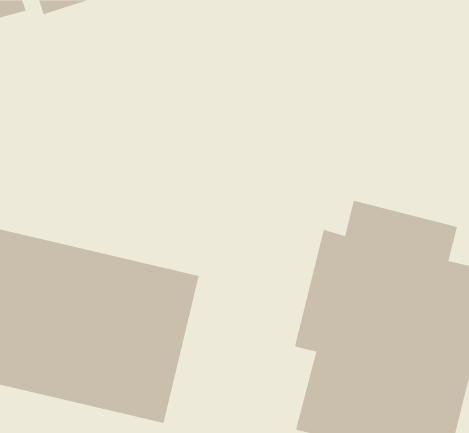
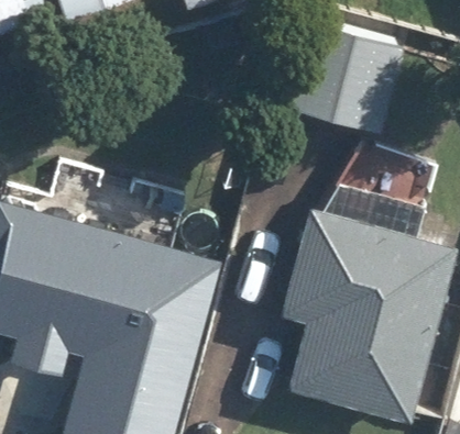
building: none -> [293,27,399,136]

